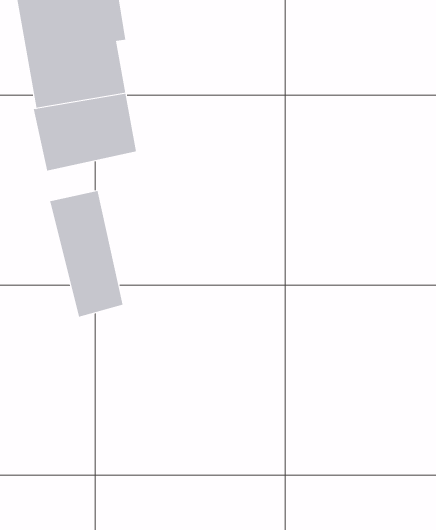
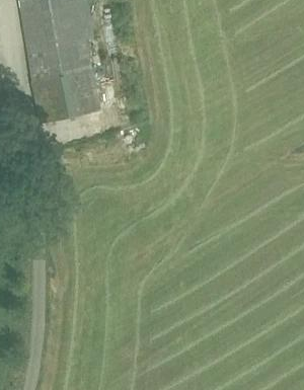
building: [49,190,123,317] -> none

